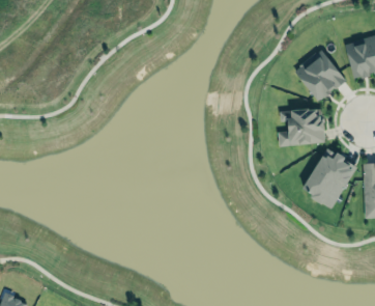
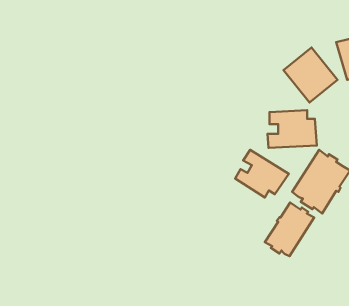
building: none -> [235,150,289,197]
building: none -> [265,202,314,256]

